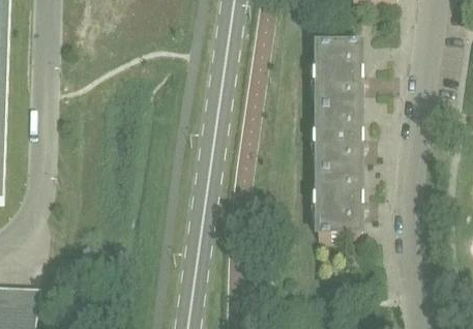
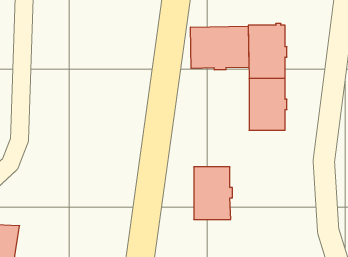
building: none -> [191,26,249,70]
building: [316,174,362,237] -> [194,167,232,219]

